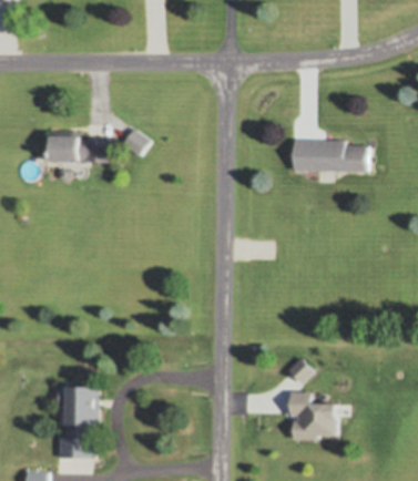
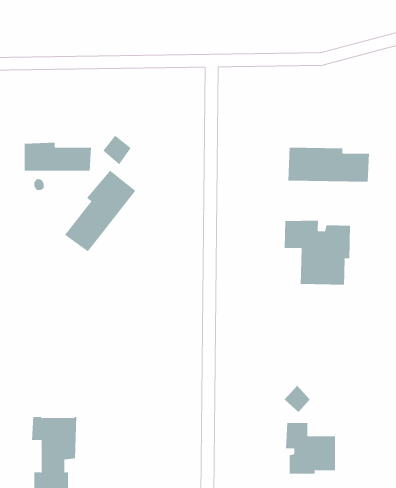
building: none -> [64,170,136,252]
building: none -> [284,220,350,285]

